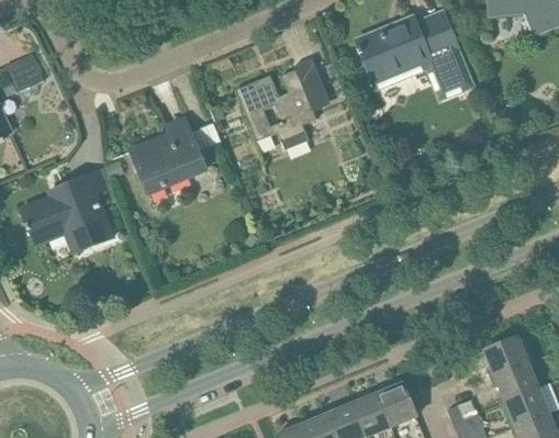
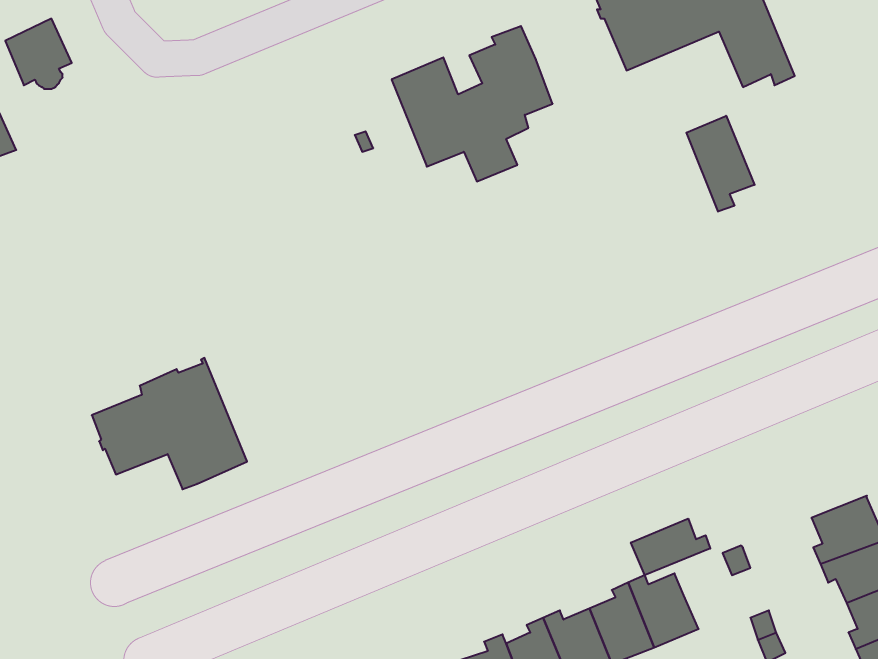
building: none -> [686,116,755,212]
building: [131,119,206,192] -> none
building: [21,175,113,252] -> [92,358,247,489]
building: none -> [631,519,710,575]

